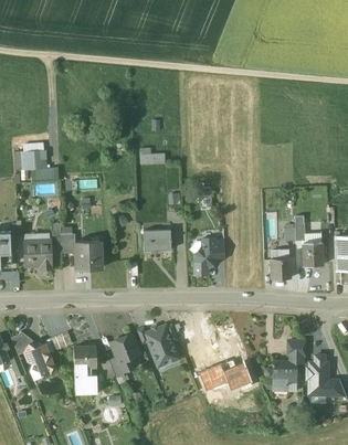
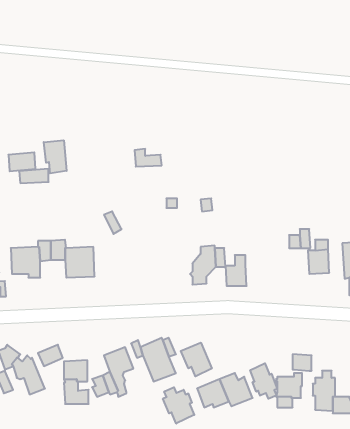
building: none -> [44,140,67,173]
building: [144,230,171,251] -> none
building: [271,250,291,278] -> [225,255,247,286]
building: none -> [181,343,212,376]
building: none -> [250,363,277,399]
building: none -> [163,387,194,424]

